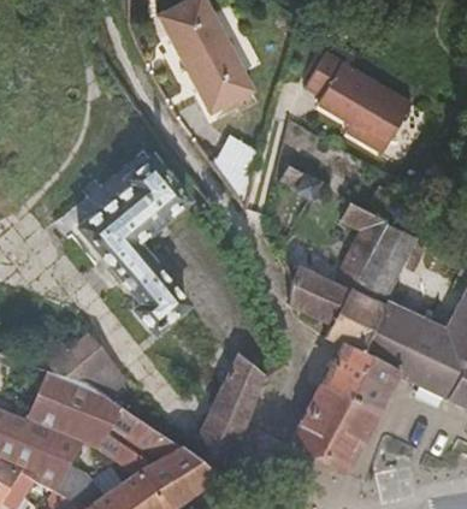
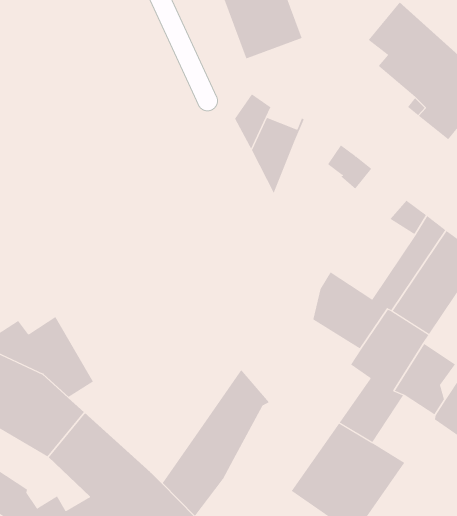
building: [81,160,189,335] -> none
building: [351,357,397,410] -> none

